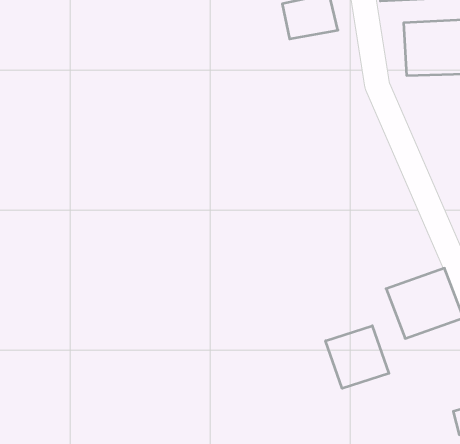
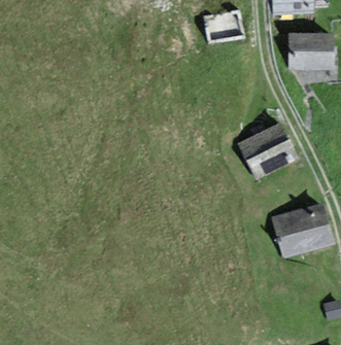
building: none -> [239,123,296,175]
building: [326,326,389,388] -> none

